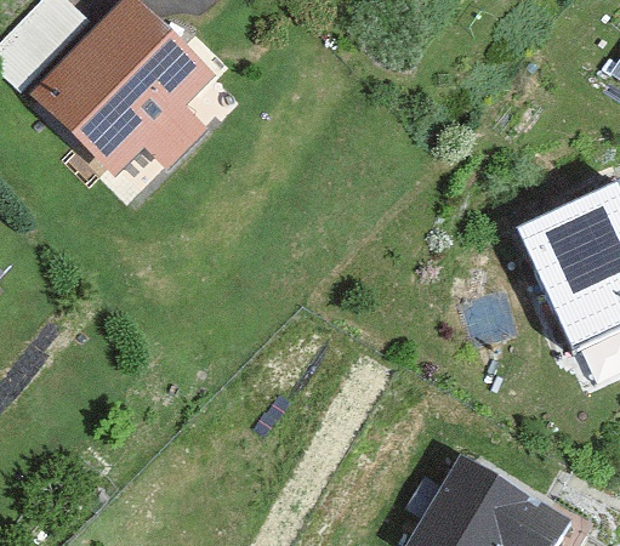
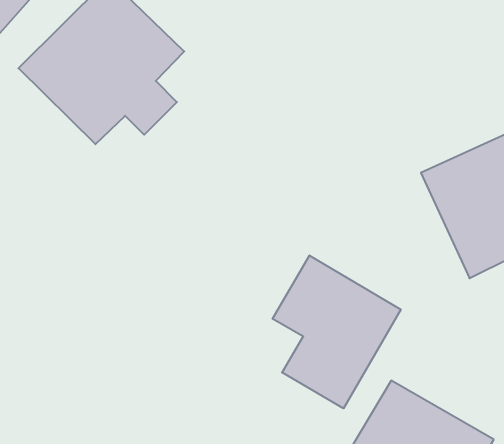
building: none -> [273,255,401,408]

